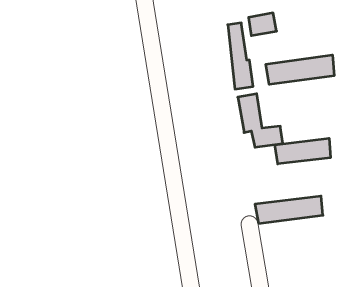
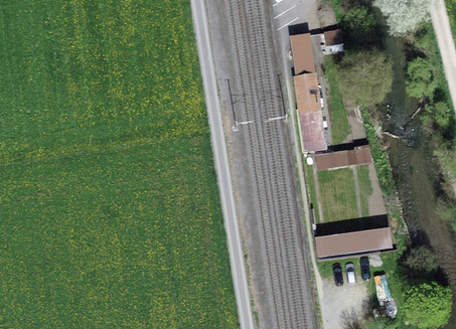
building: [266,55,334,84] -> none
building: [275,138,330,164] -> none

